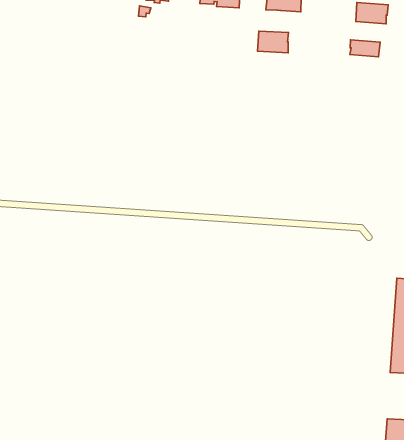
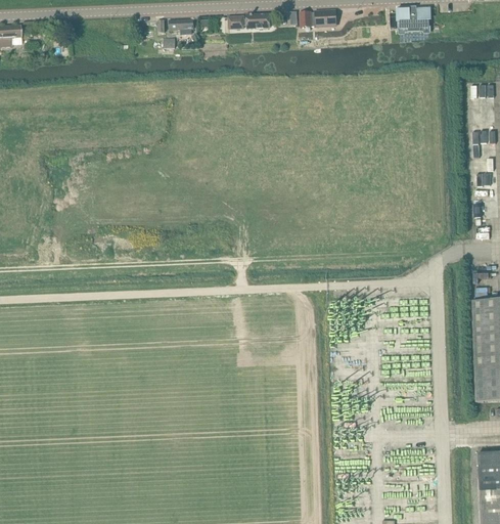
building: [257,31,289,53] -> none
building: [350,40,380,57] -> none

